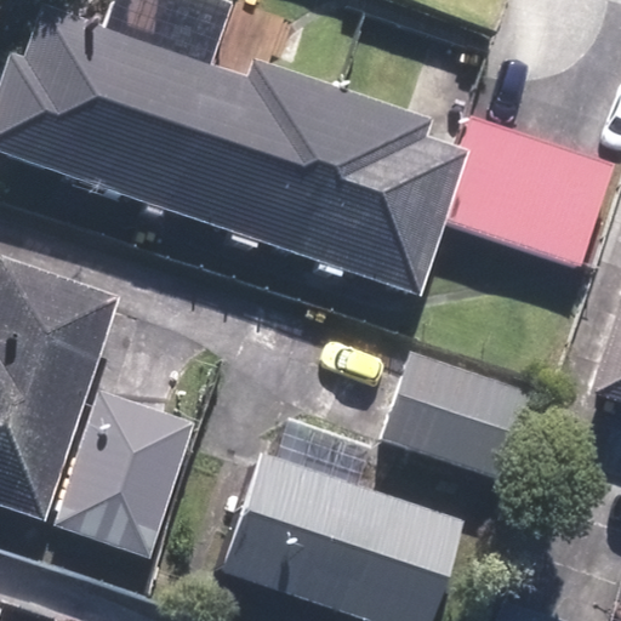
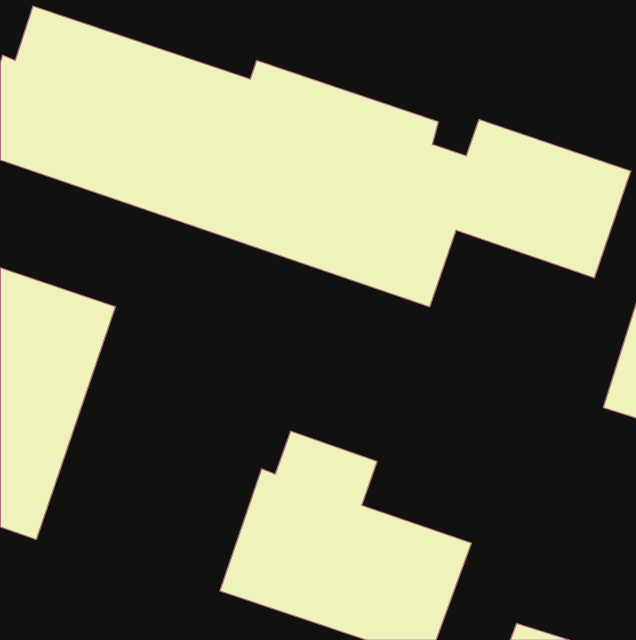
building: [382,355,530,479] -> none
building: [53,393,193,557] -> none

